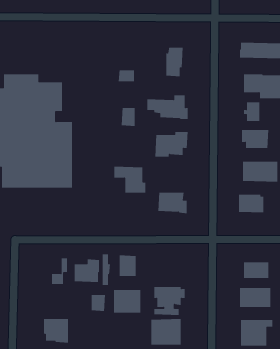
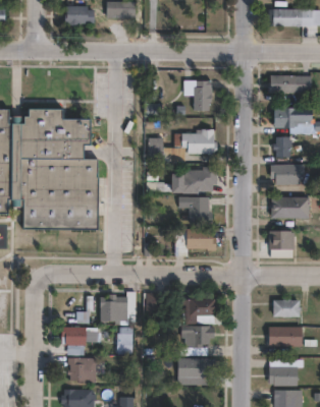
building: [113,166,146,193] -> [178,196,212,224]
building: none -> [61,328,97,352]
building: [113,289,141,313] -> [185,299,214,324]

